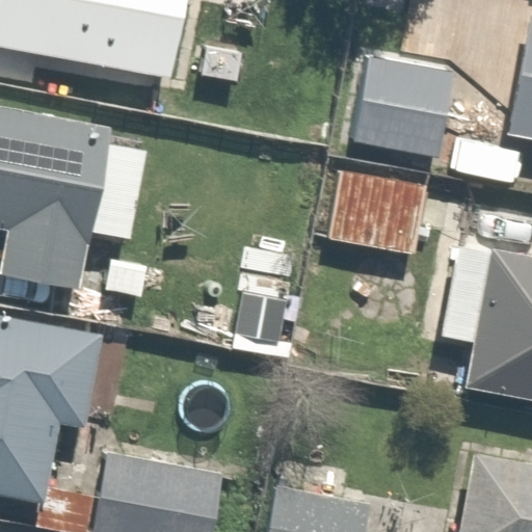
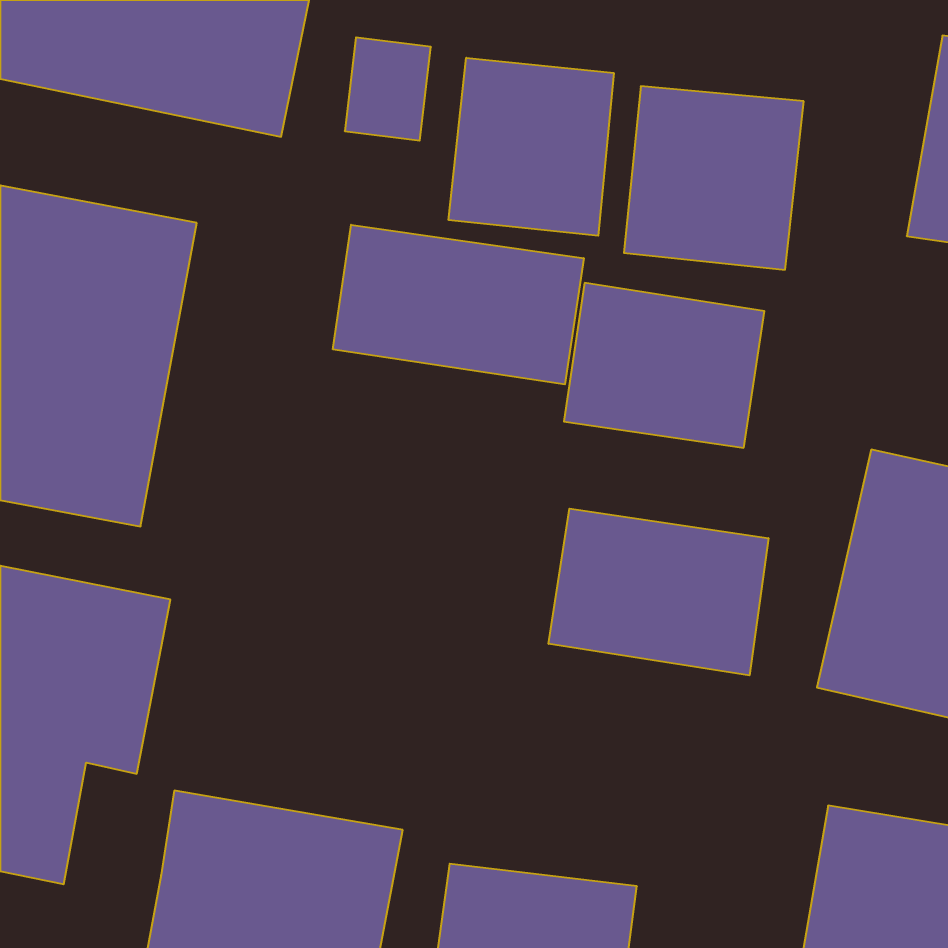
building: none -> [449,58,614,236]
building: none -> [333,225,584,384]
building: none -> [549,509,768,675]

